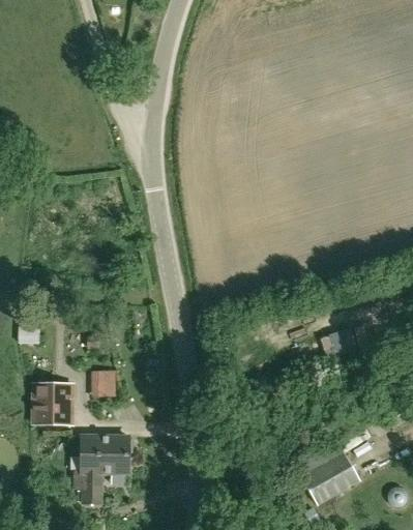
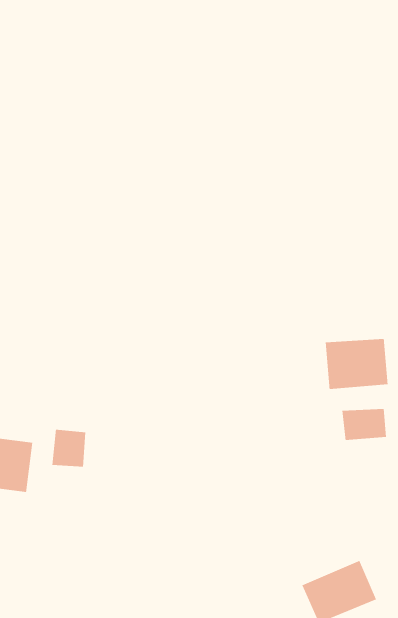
building: none -> [325,338,388,390]
building: [76,436,131,501] -> none

